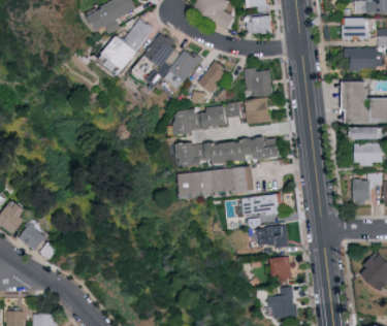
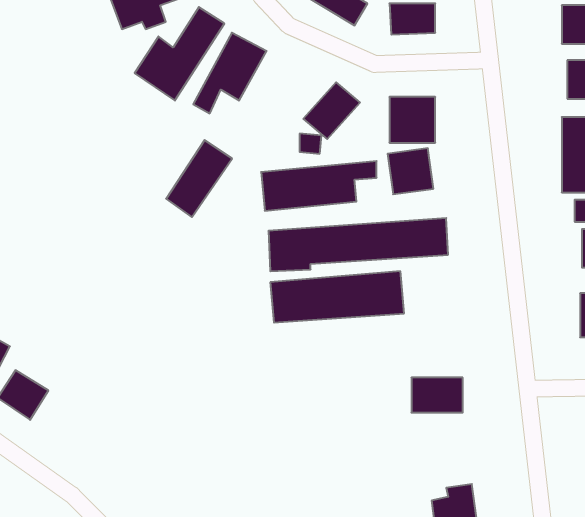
building: [163,46,200,90] -> [166,140,232,217]
building: [237,196,282,214] -> none
building: [269,256,292,281] -> none

